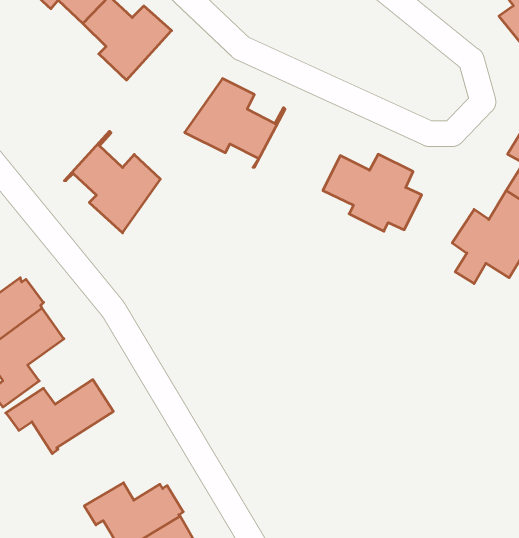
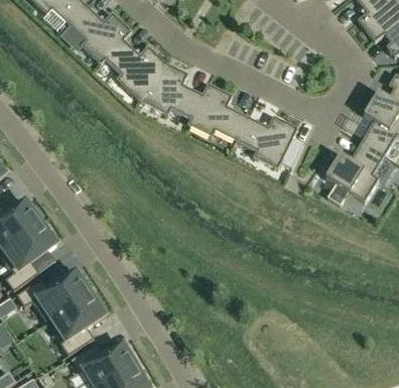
building: none -> [187,84,247,140]
building: [64,131,160,233] -> [99,29,165,100]
building: none -> [50,293,106,356]

